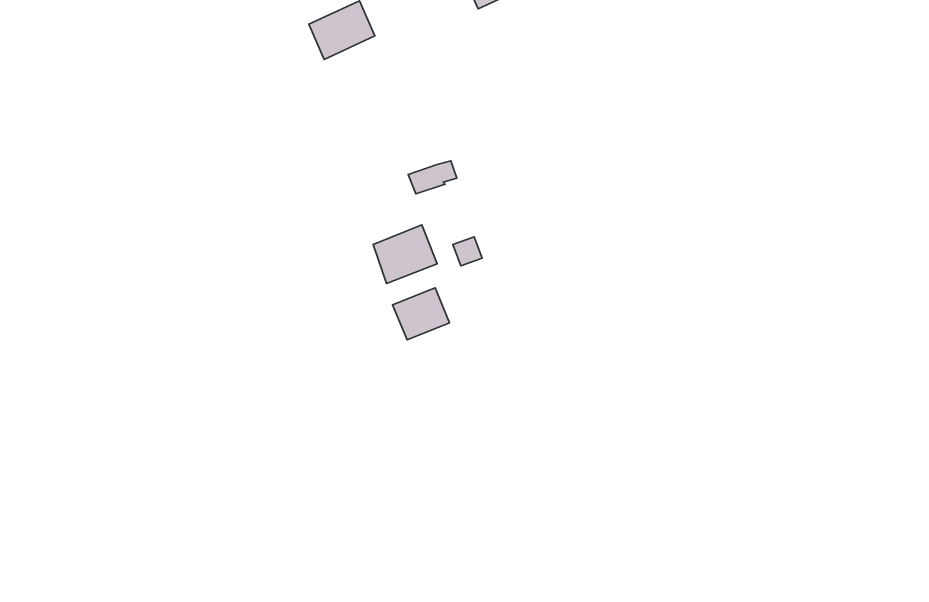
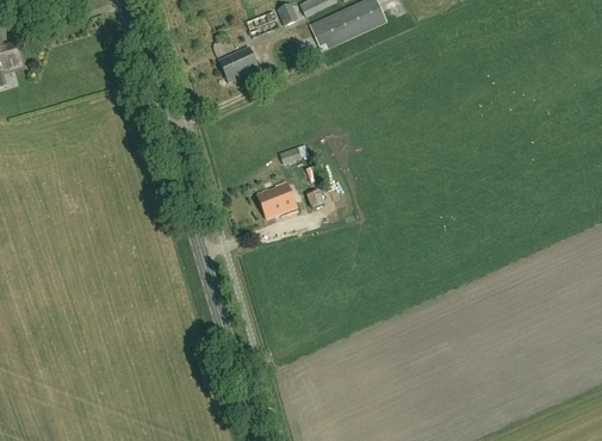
building: [393,288,450,340] -> none

